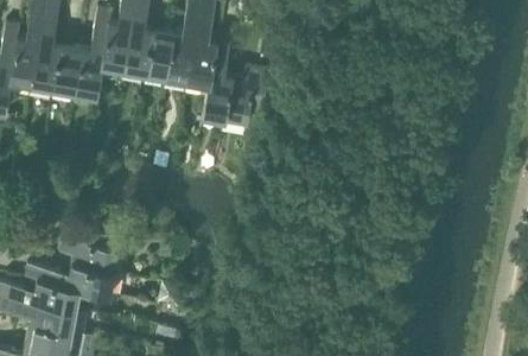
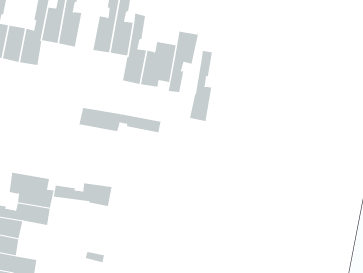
building: [145,31,174,77] -> none
building: none -> [168,31,199,93]
building: none -> [190,50,212,122]
building: none -> [79,107,161,133]
building: none -> [53,183,112,207]

